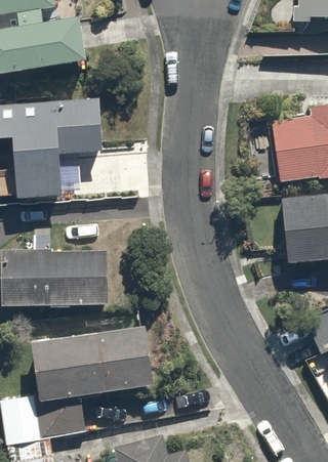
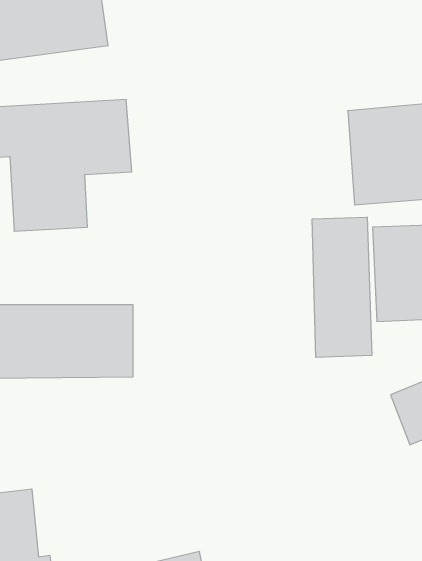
building: none -> [312,217,372,357]
building: [31,325,151,435] -> none

